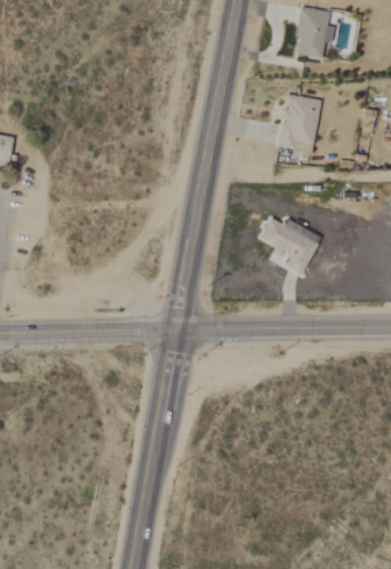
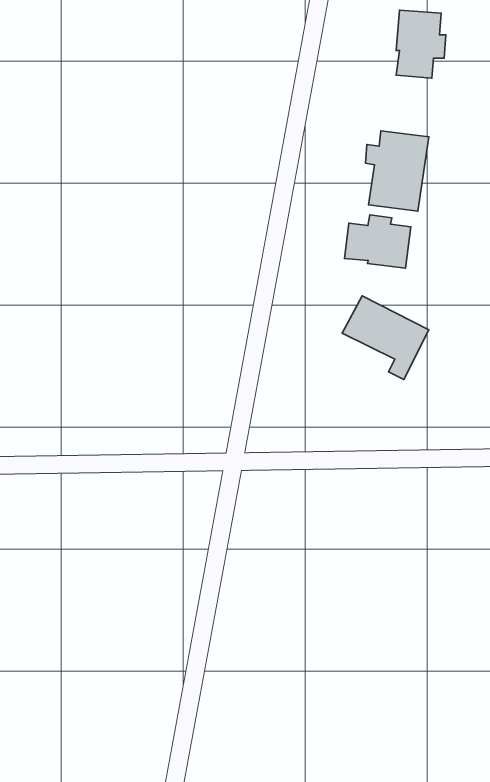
building: none -> [345,215,411,268]

